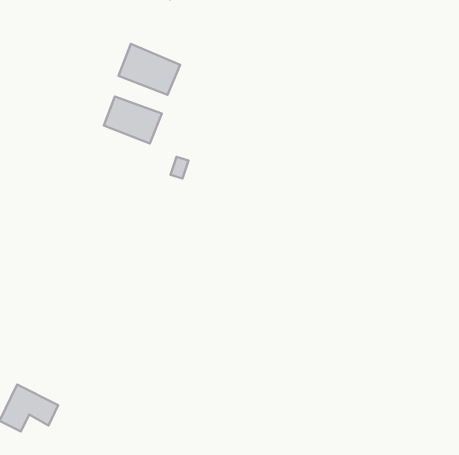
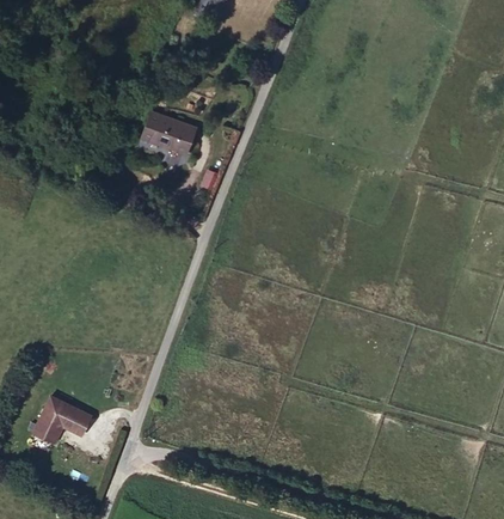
building: [119,44,180,95] -> none

